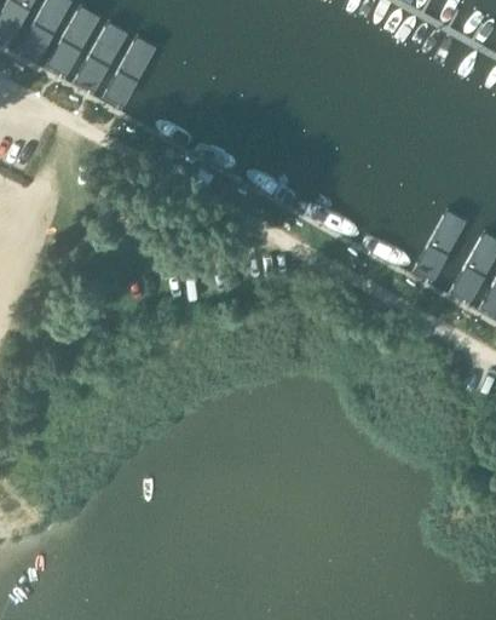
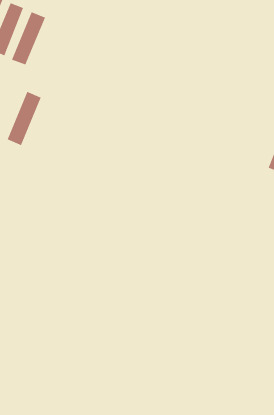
building: [102,35,156,110] -> [7,91,41,146]

